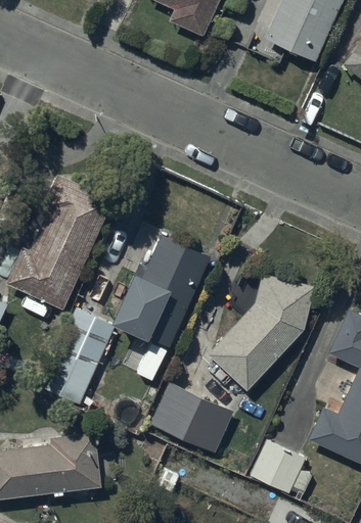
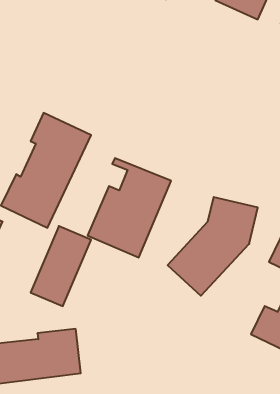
building: [151,383,234,454] -> none
building: [251,440,313,497] -> none

